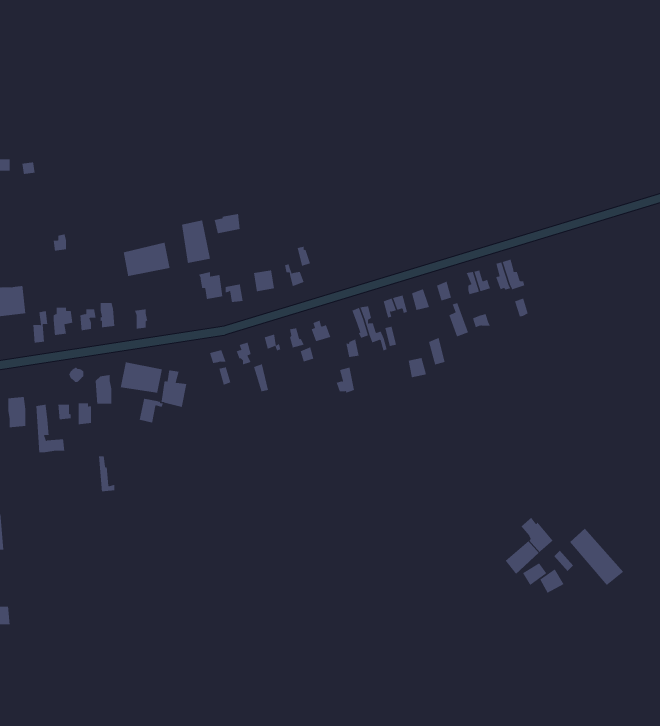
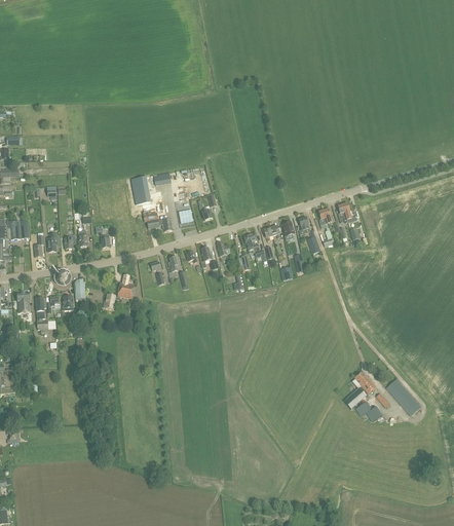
building: [123,242,170,277] -> none
building: [120,361,163,393] -> none

